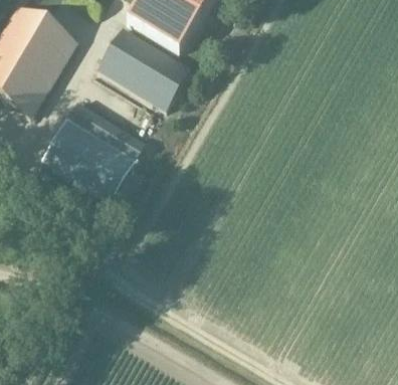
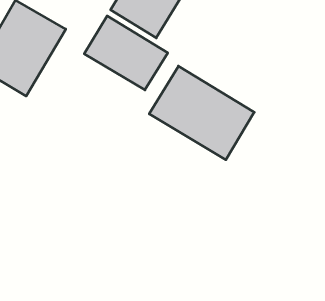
building: none -> [149,66,254,160]
building: [41,102,146,203] -> none

